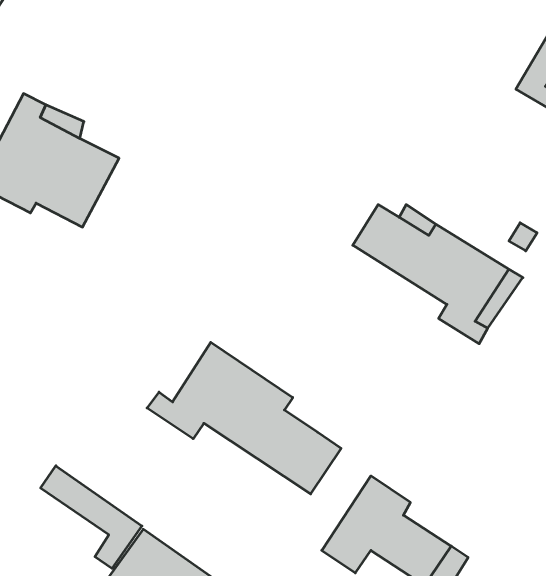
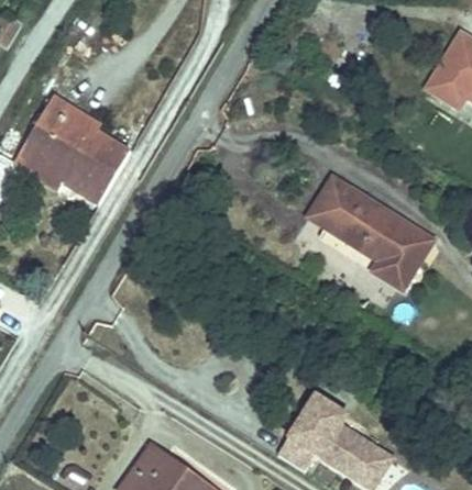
building: [147,342,341,494] -> none
building: [41,466,142,568] -> none

